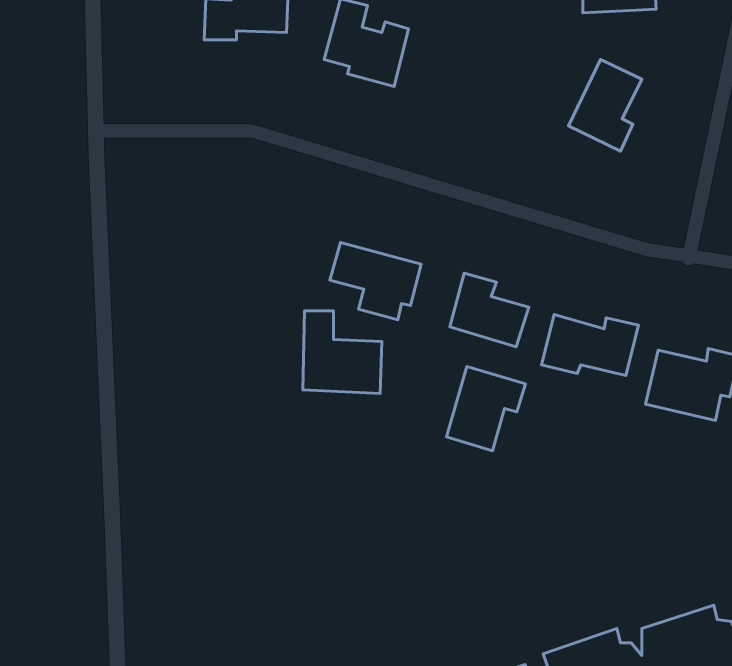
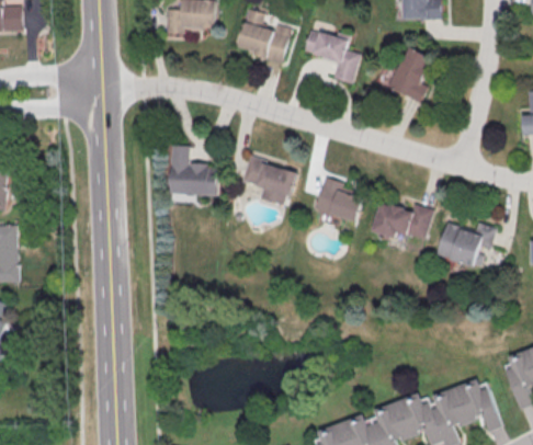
building: none -> [304,33,360,85]
building: [303,311,382,393] -> [171,146,219,196]
building: [446,366,525,451] -> none

